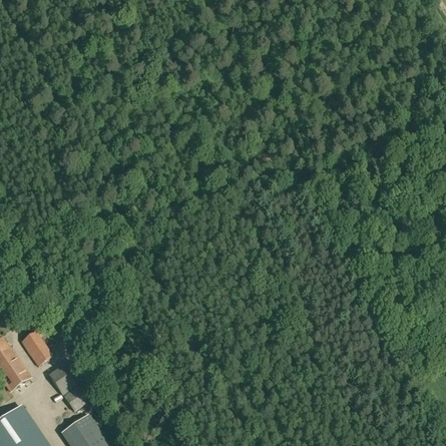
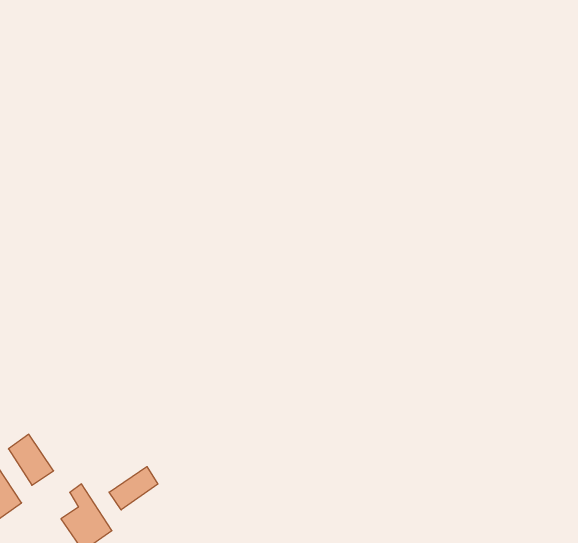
building: none -> [109,467,158,510]

